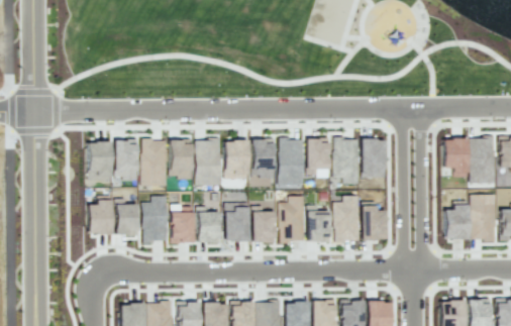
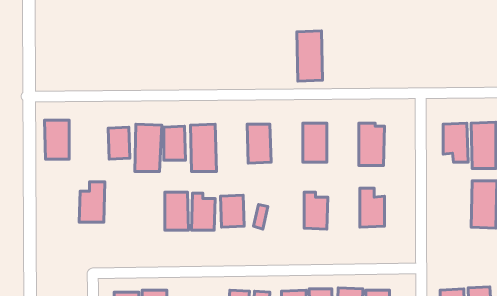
building: [280,138,305,188] -> [297,31,322,81]
building: [335,139,360,184] -> none
building: [225,140,249,179] -> none
building: [88,142,112,181] -> [44,120,69,159]
building: [143,196,169,242] -> none
building: [335,196,361,242] -> none
building: [281,197,306,241] -> none
building: [444,201,470,241] -> none
building: [116,205,136,232] -> none

